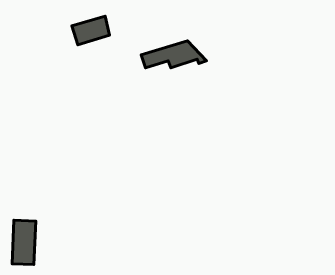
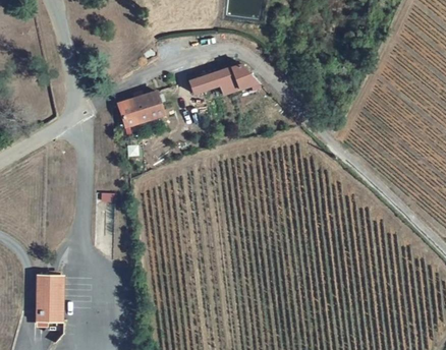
building: [72,16,109,45] -> [114,92,158,125]

